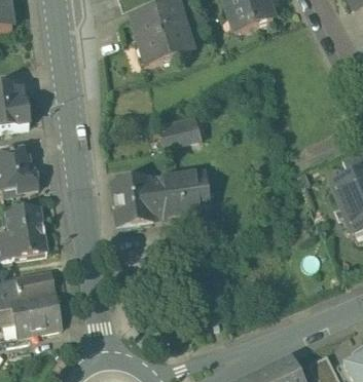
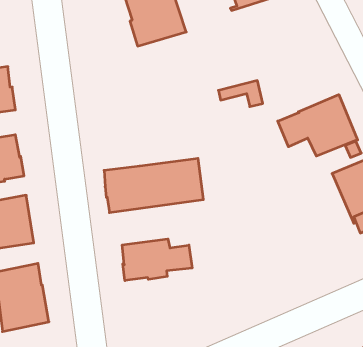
building: none -> [278,95,358,156]
building: [158,115,201,140] -> [218,81,263,107]
building: none -> [122,239,192,281]

